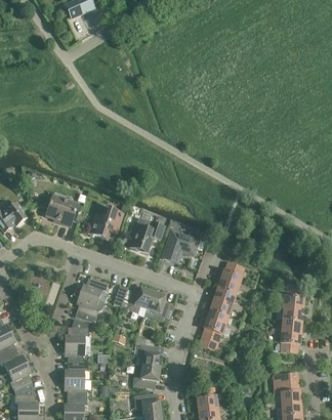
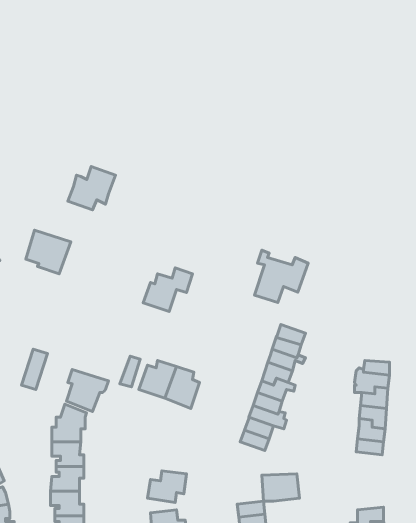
building: [89,207,123,238] -> [68,166,116,210]
building: [162,225,200,262] -> [255,250,308,302]
building: [79,277,108,301] -> none
building: [135,339,162,367] -> none
building: [273,373,299,392] -> [262,474,300,501]

